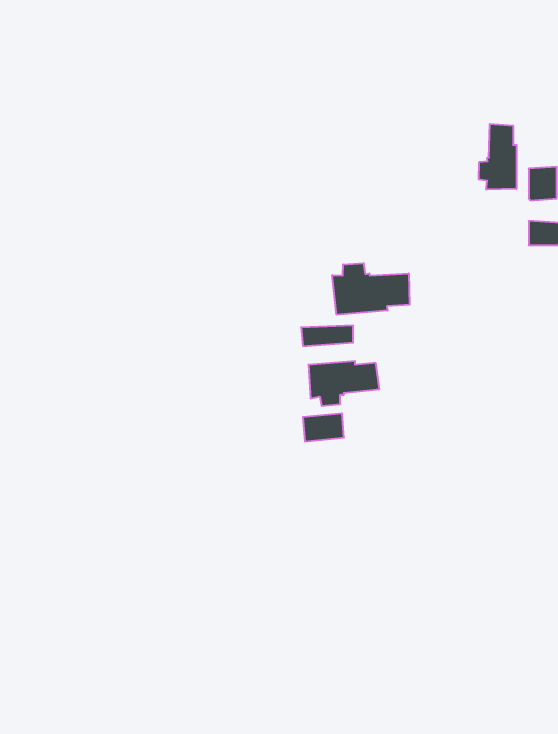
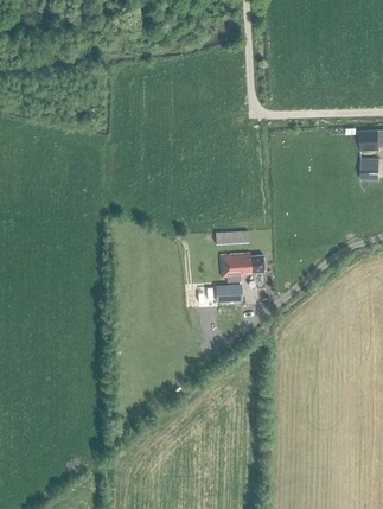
building: [479,124,516,190] -> none
building: [332,263,409,315] -> none

